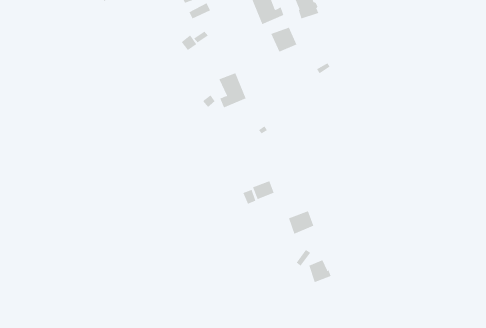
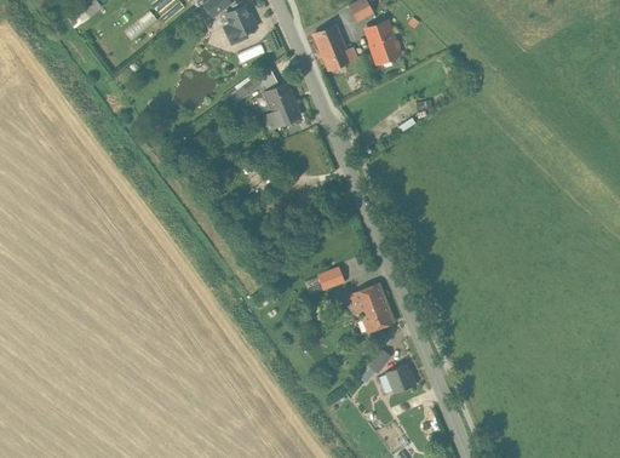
building: [271,27,297,53] -> none
building: [219,72,247,108] -> [264,84,299,128]
building: none -> [352,284,386,313]

